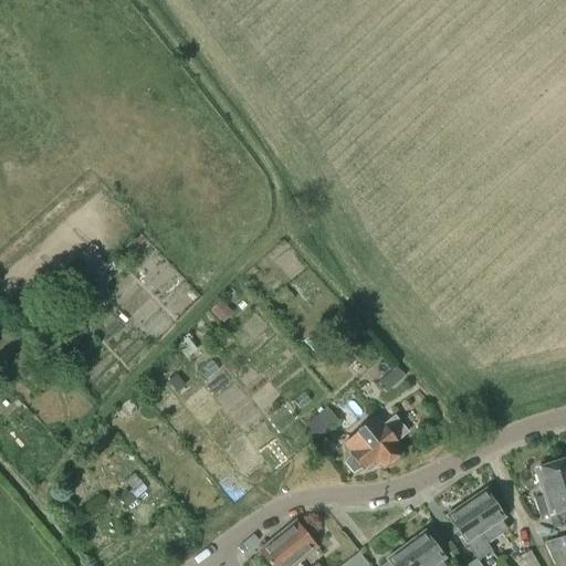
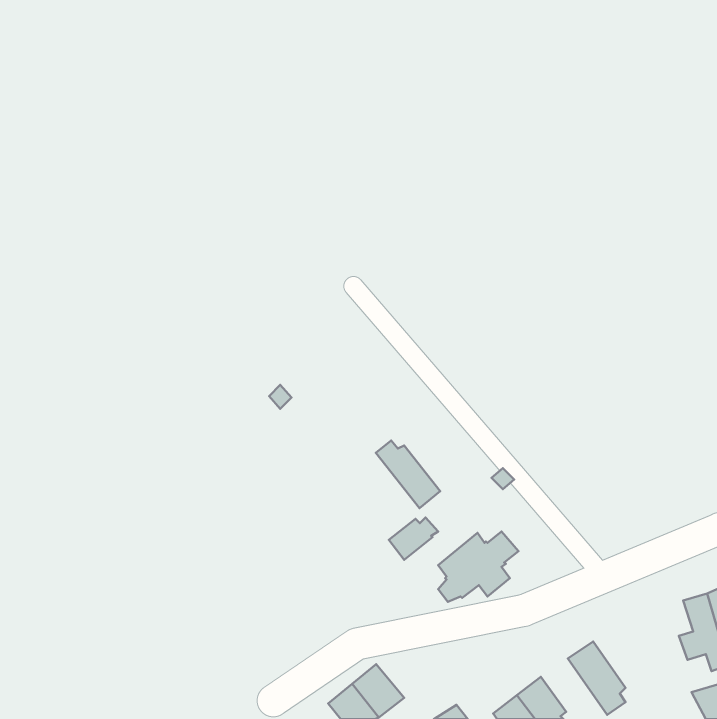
building: none -> [376,441,440,508]
building: [468,489,509,539] -> none

